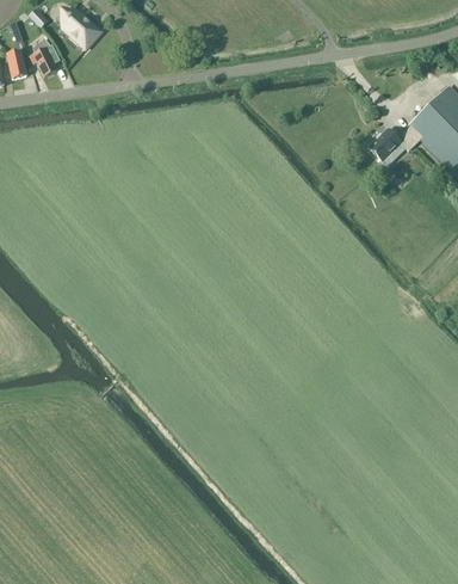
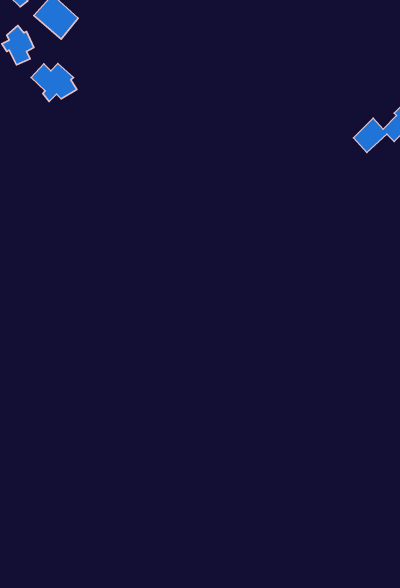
building: none -> [31,63,77,102]

